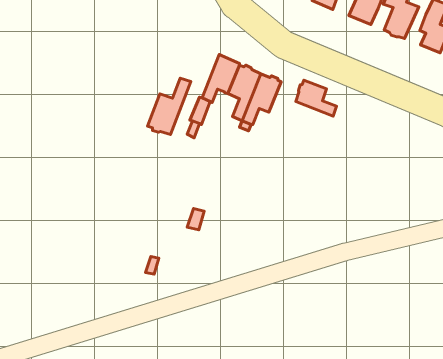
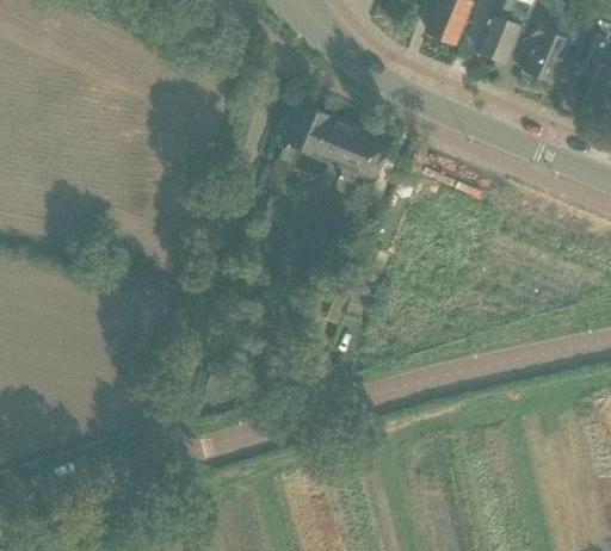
building: [148,78,191,134] -> none
building: [296,80,337,116] -> none

